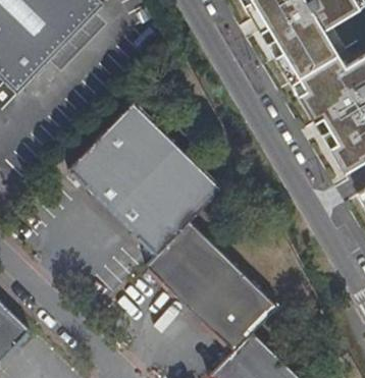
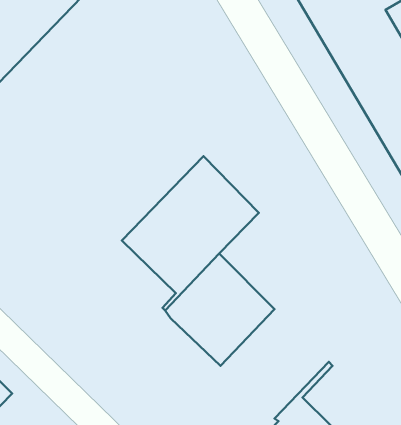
building: [70,103,178,212] -> none
building: [192,265,275,349] -> none

